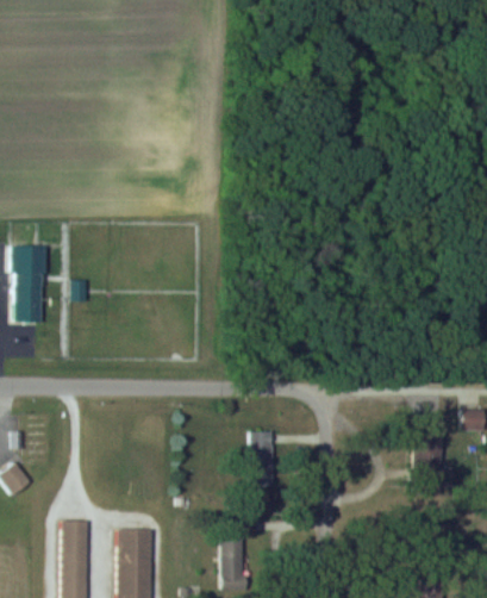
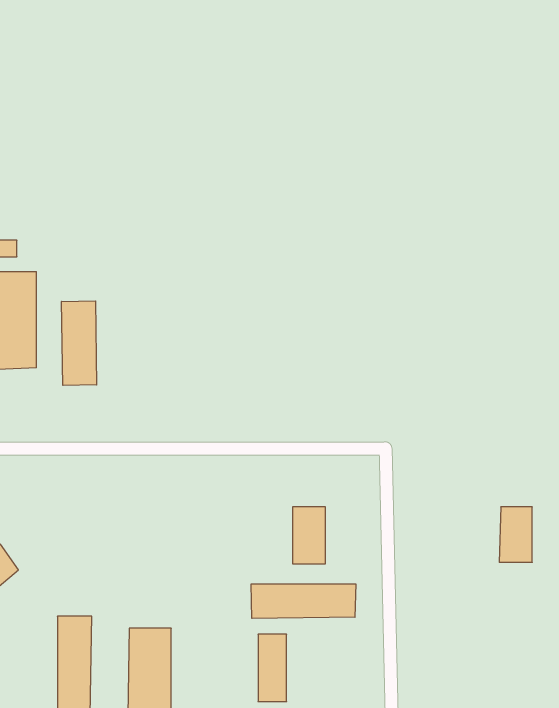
building: none -> [62,301,97,385]
building: none -> [251,584,356,618]

